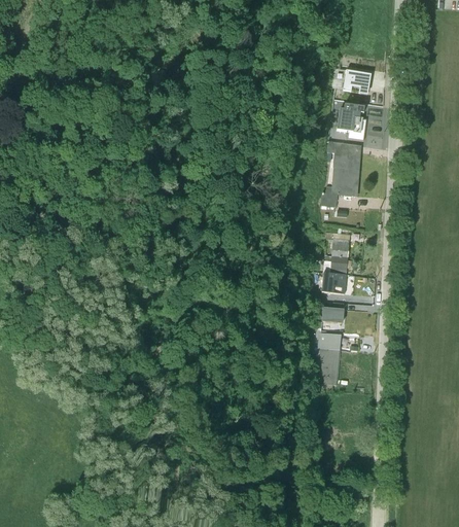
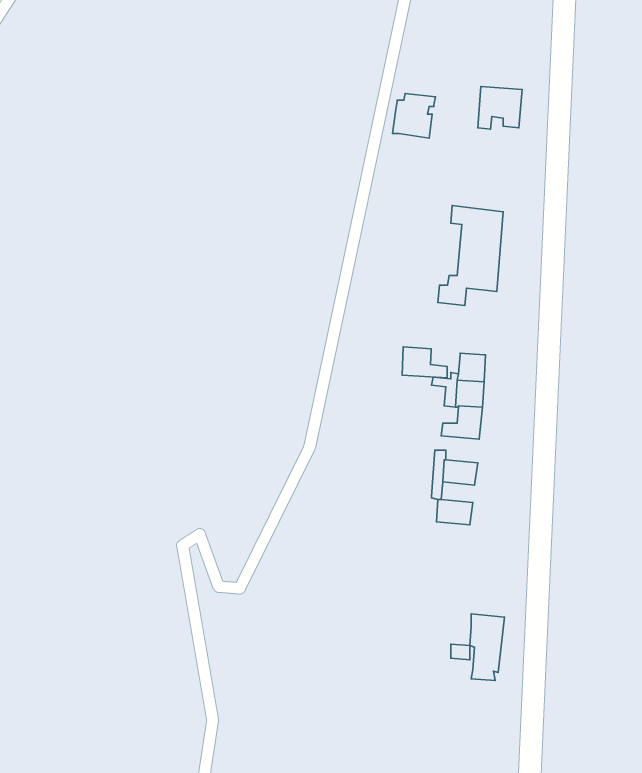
building: [336,105,363,134] -> [393,94,435,138]
building: none -> [402,347,447,378]
building: [316,346,339,389] -> [470,614,505,681]

